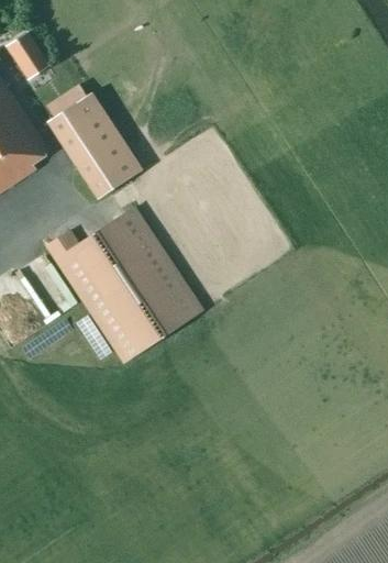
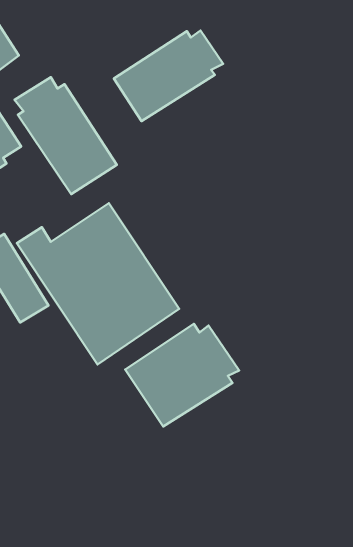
building: none -> [114,31,223,121]
building: none -> [125,324,239,427]

